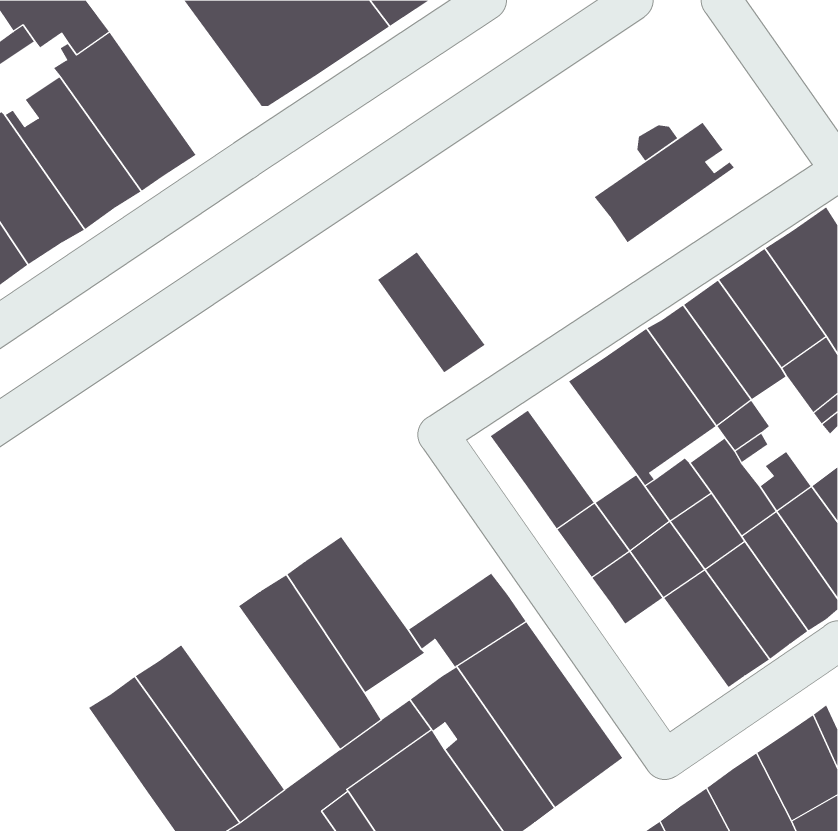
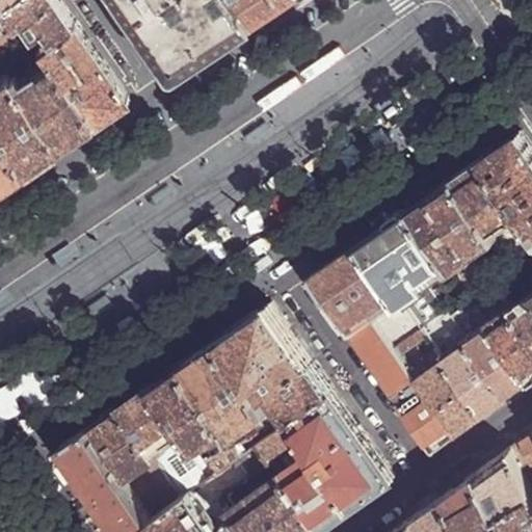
building: [594,122,735,243] -> none
building: [377,252,485,373] -> [329,250,397,326]
building: none -> [213,312,307,405]
building: none -> [390,385,454,458]
building: none -> [113,391,212,505]

